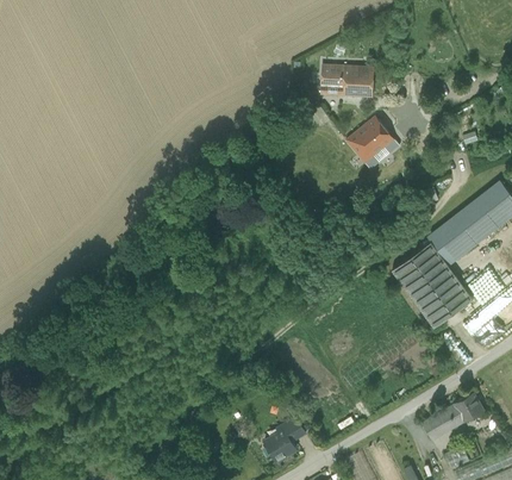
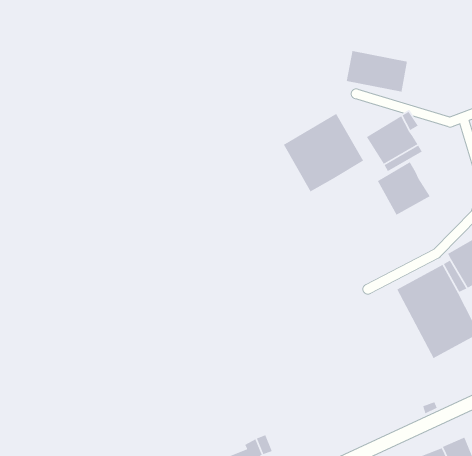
building: none -> [283,113,364,192]
building: none -> [377,161,431,216]

